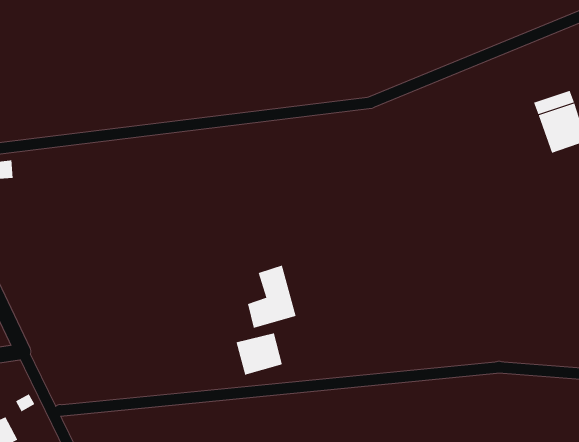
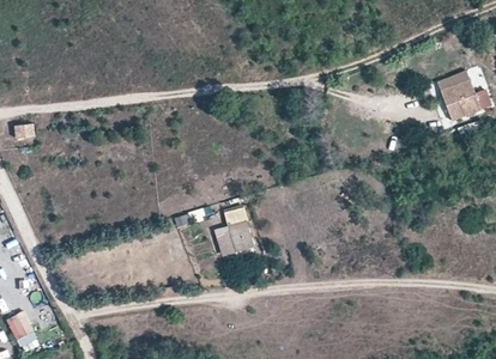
building: [236,332,283,376] -> none

